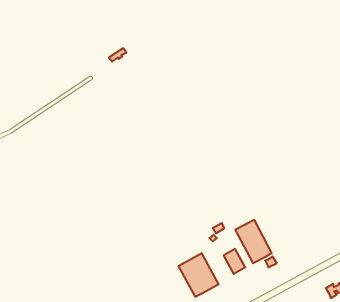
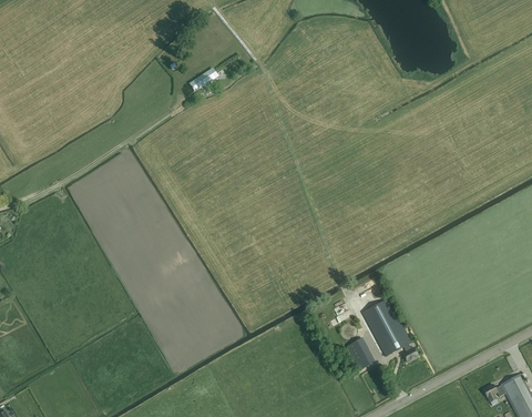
building: [179,253,219,297] -> none

